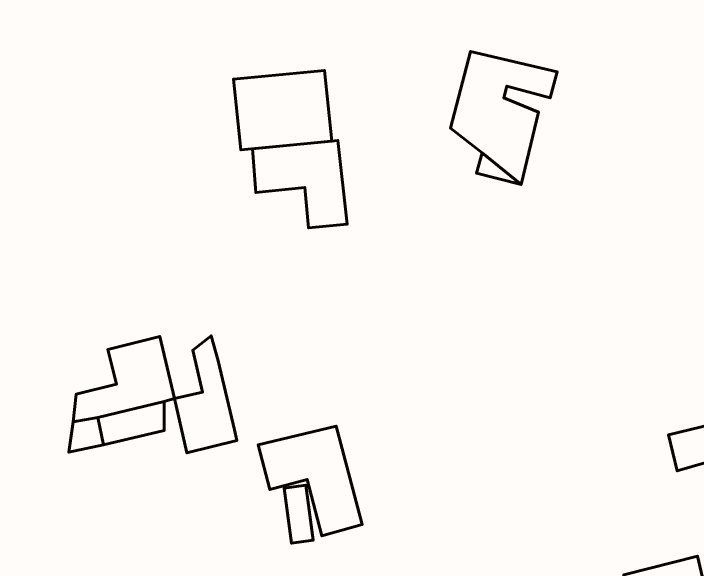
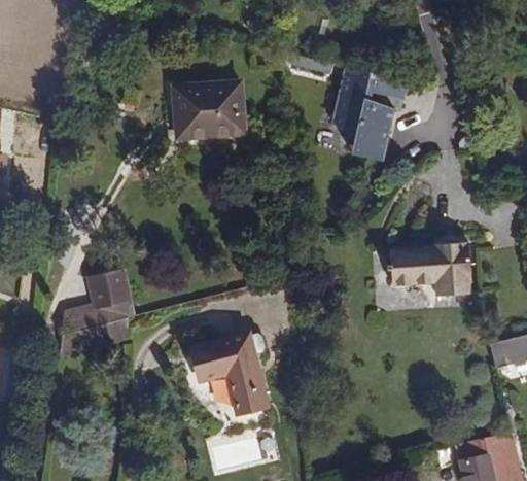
building: [253,141,347,228] -> none
building: none -> [388,242,471,298]
building: [174,336,237,453] -> none

